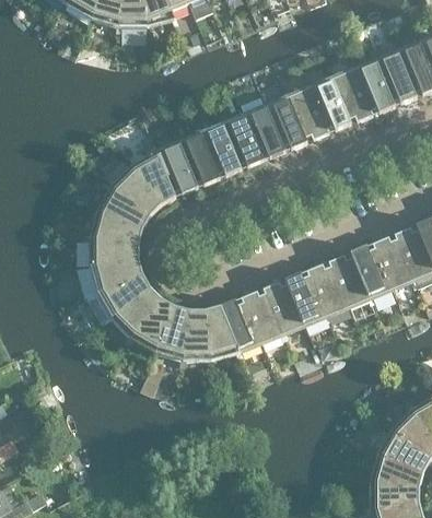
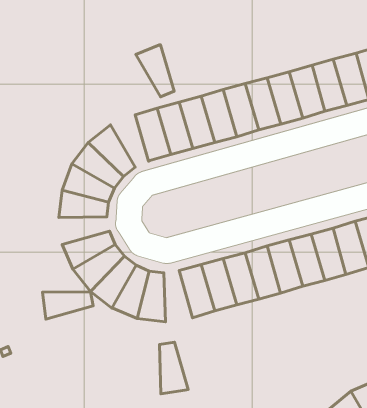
building: [132,151,176,204] -> [136,45,174,97]
building: [91,259,144,293] -> [43,292,93,319]
building: [206,305,241,360] -> [159,342,188,394]

